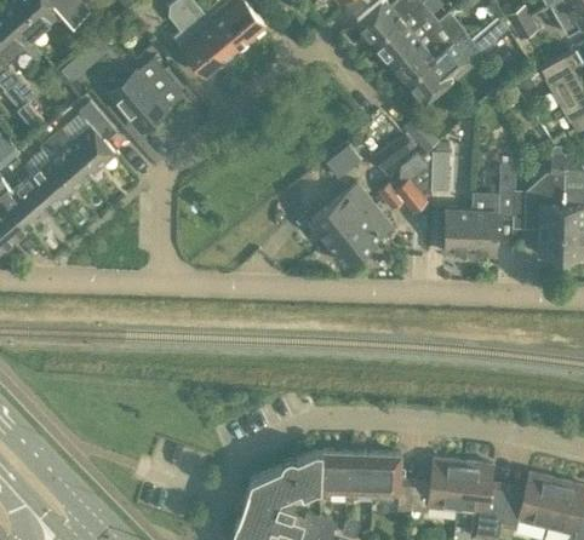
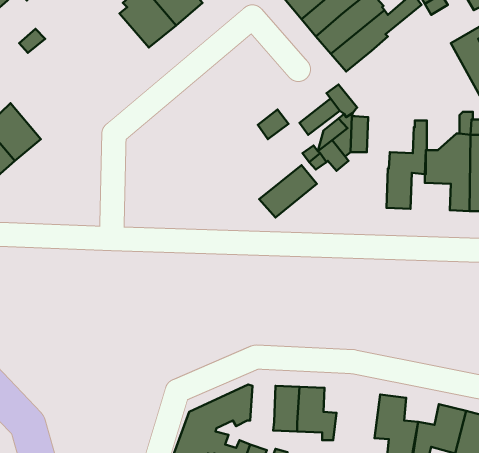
building: [110,57,185,131] -> none
building: [52,102,116,178] -> none
building: [310,183,376,245] -> none
building: [443,209,471,254] -> none
building: [319,452,347,500] -> none
building: [411,458,463,513] -> none

